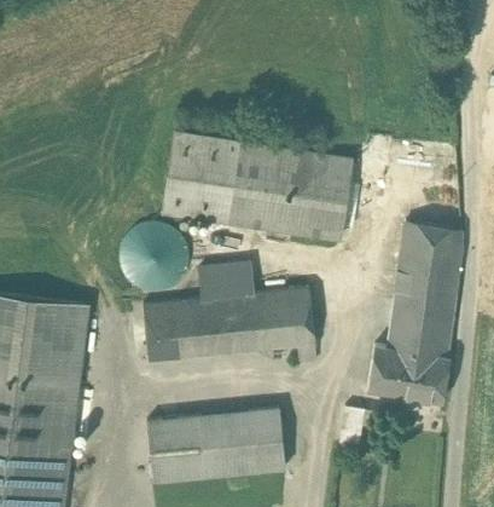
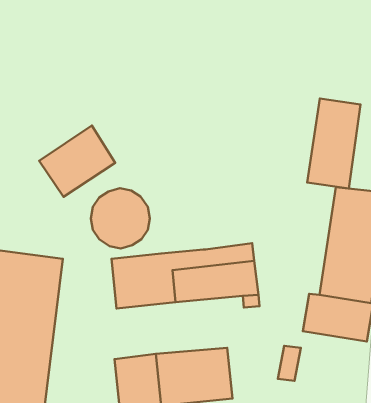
building: none -> [307,98,361,189]
building: [164,133,353,238] -> none
building: none -> [39,126,115,197]
building: [200,263,255,298] -> none

